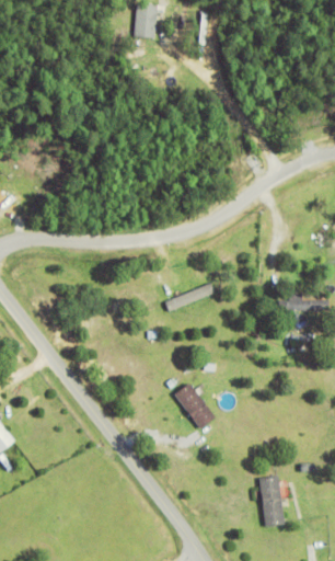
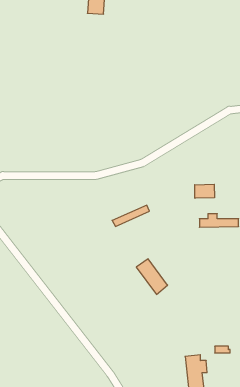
building: none -> [195,184,214,198]
building: [174,383,215,430] -> [136,259,168,294]

